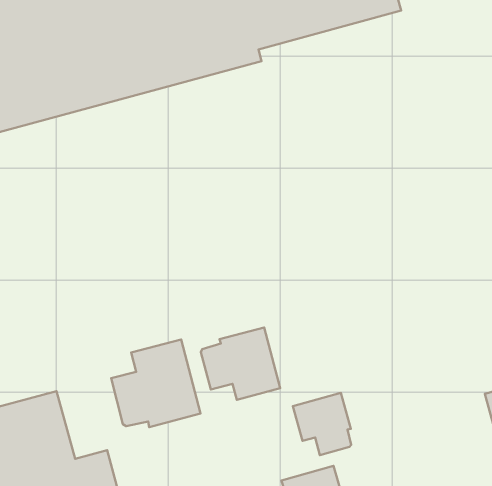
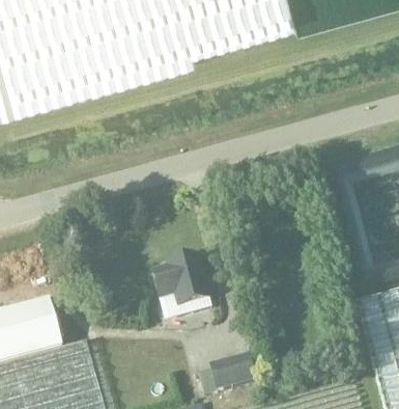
building: [111,340,201,427] -> none
building: [293,393,351,455] -> none

